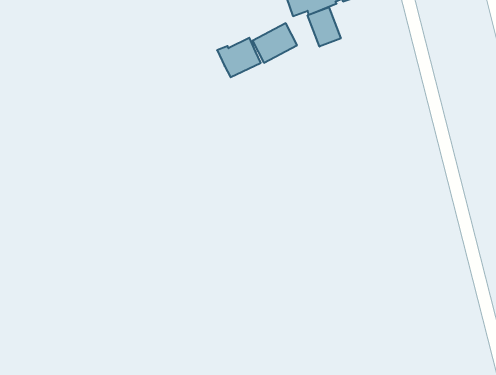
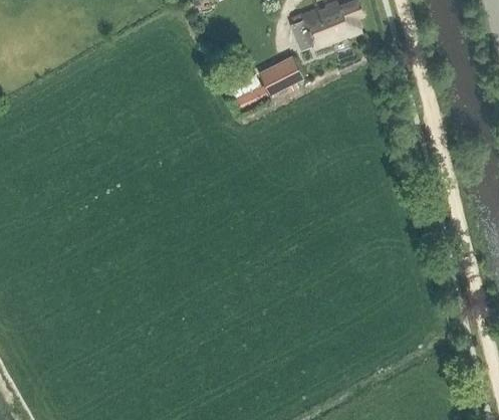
building: [308,7,341,47] -> none

